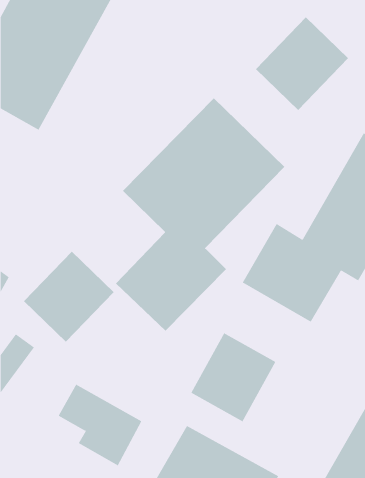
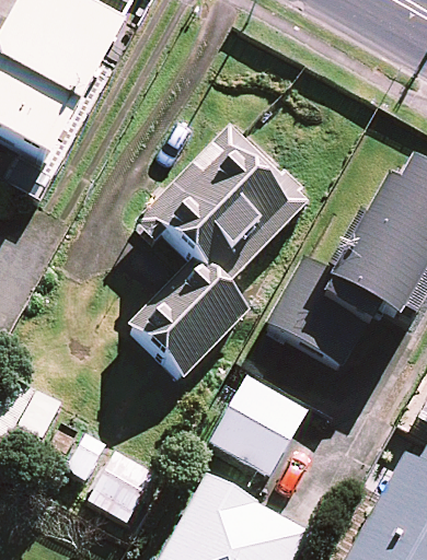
building: [255,16,349,111] -> none
building: [23,251,114,343] -> none

